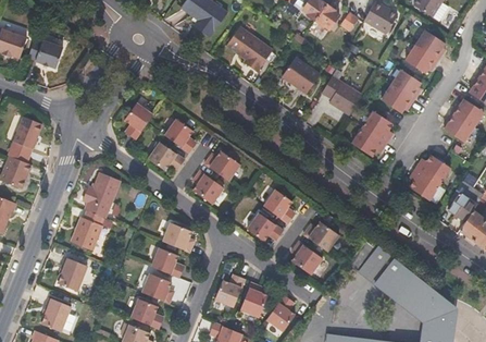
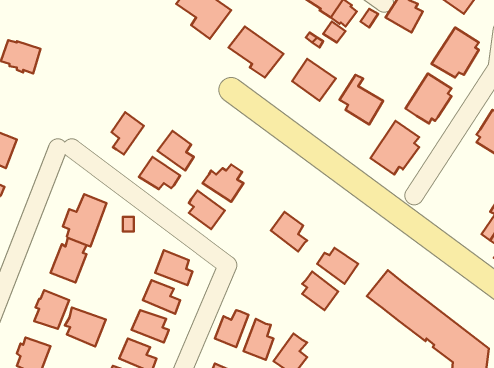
building: [409,154,451,200] -> none
building: [247,213,284,242] -> none
building: none -> [65,307,106,346]

